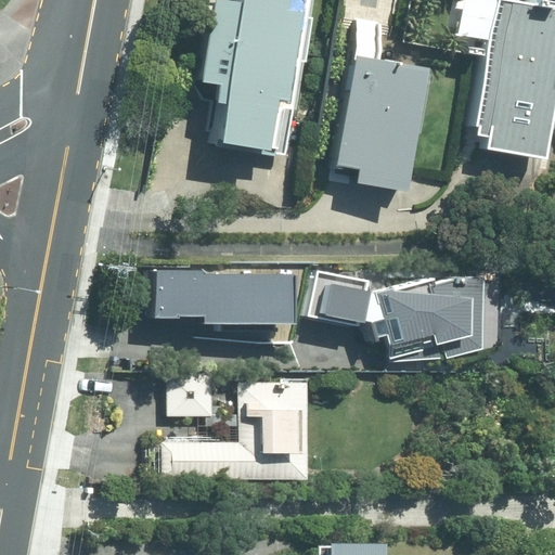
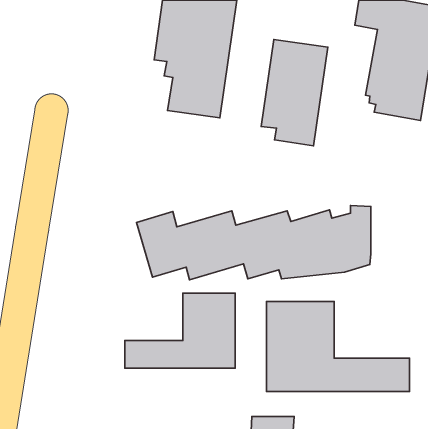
building: [166,372,210,414] -> none
building: none -> [266,301,410,392]

